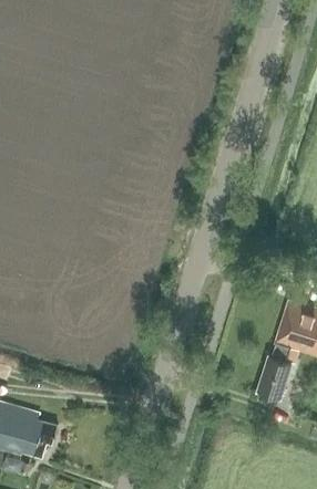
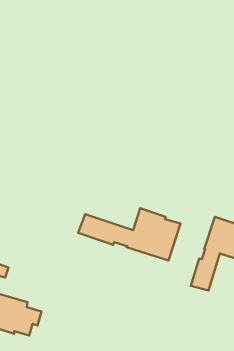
building: none -> [78,208,180,260]

